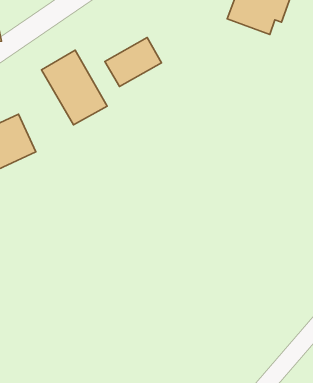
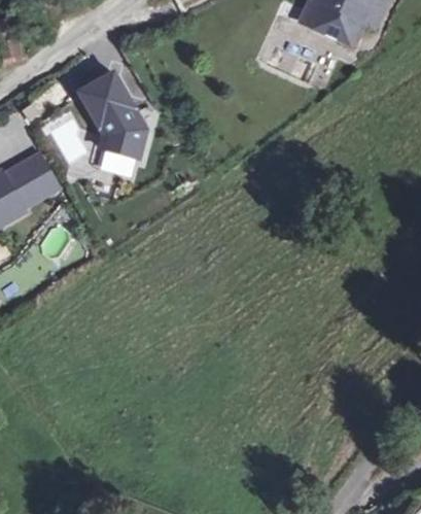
building: [105,37,162,87] -> none

